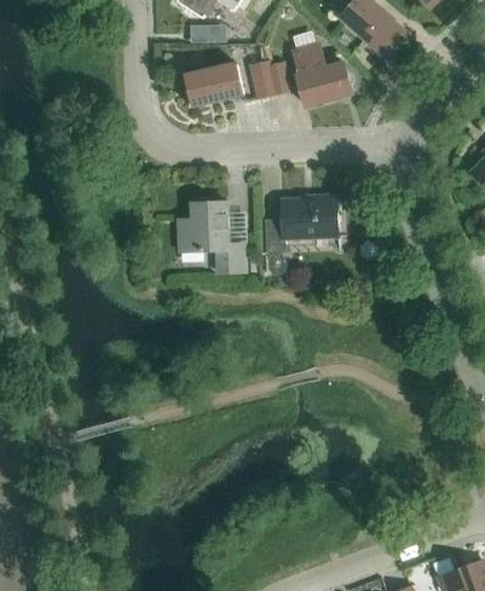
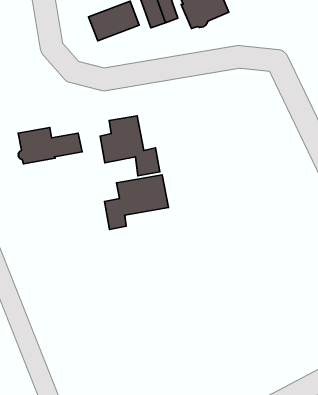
building: [264,196,339,253] -> [105,175,168,229]
building: none -> [18,128,82,164]

